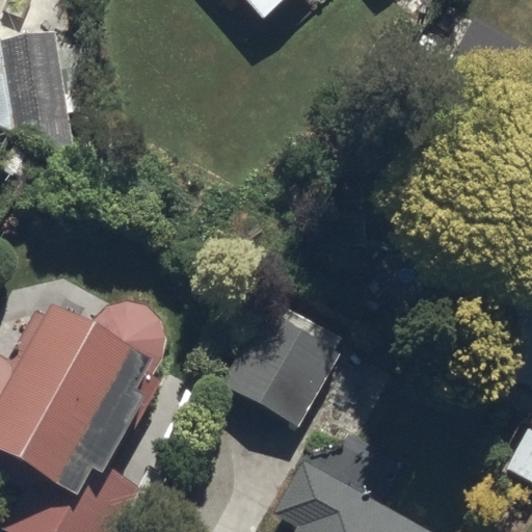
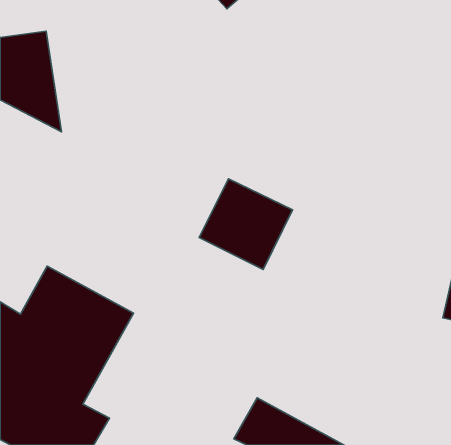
building: [228,316,337,422] -> [199,179,292,270]

